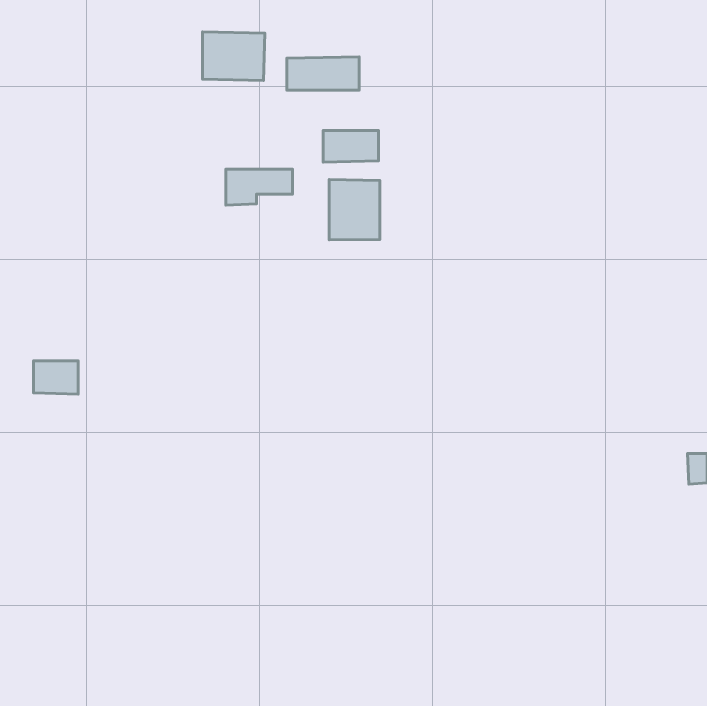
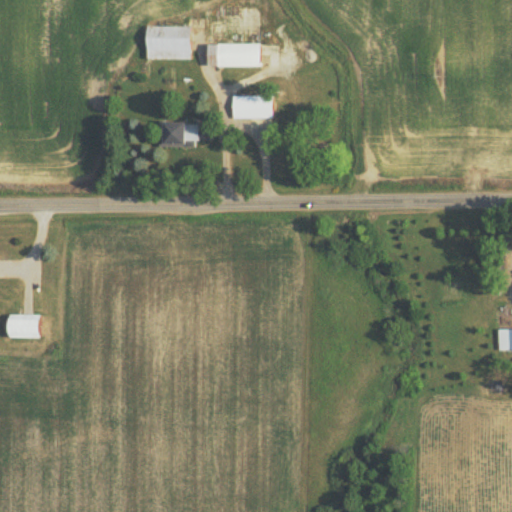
building: [329,179,380,240] -> none
building: [34,361,78,394] -> [8,315,40,339]

